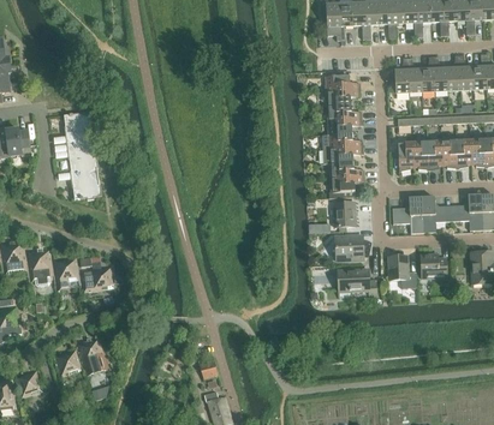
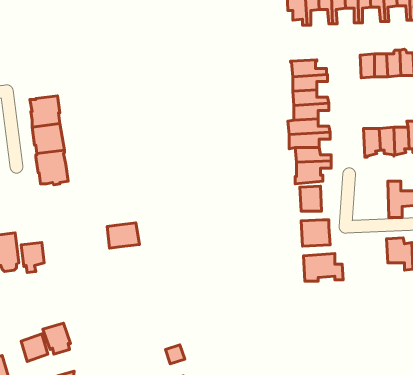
building: [393,194,423,231] -> none
building: [388,253,417,286] -> none
building: [82,264,114,289] -> [107,223,140,248]

